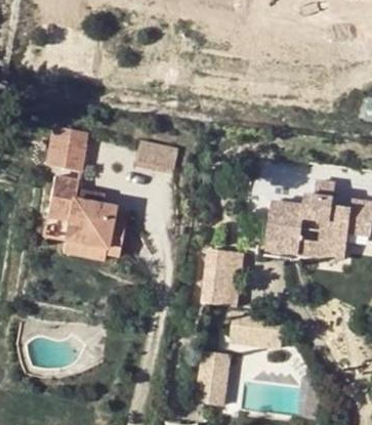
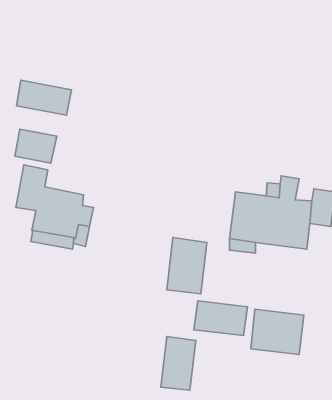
building: none -> [17,80,72,115]
building: [135,136,181,170] -> none
building: none -> [251,309,304,354]

